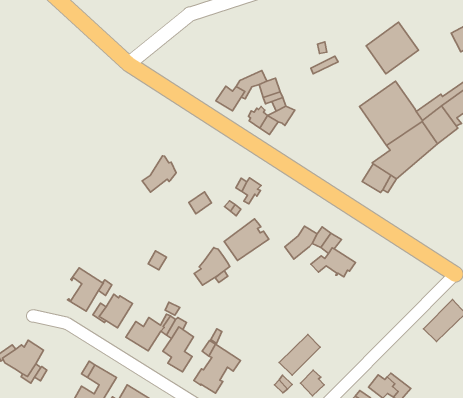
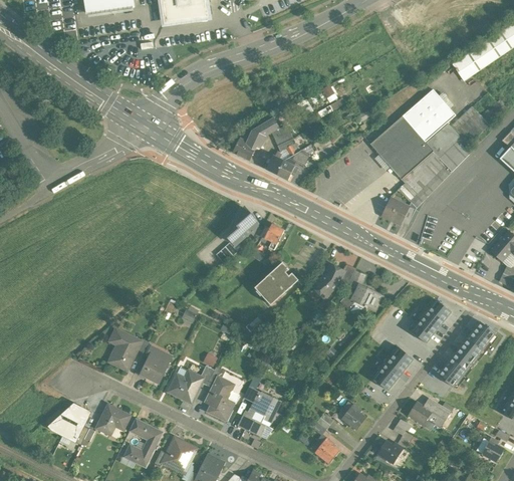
building: [366,22,418,74] -> [403,89,454,141]
building: [142,156,176,192] -> [226,209,258,245]
building: [194,248,230,285] -> none
building: none -> [412,299,450,341]
building: none -> [438,352,469,385]
building: [279,334,320,375] -> [373,347,412,389]
building: none -> [95,405,130,435]

